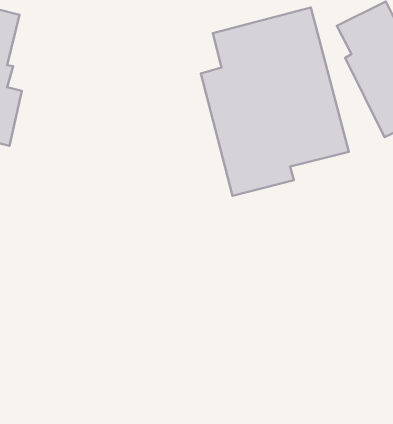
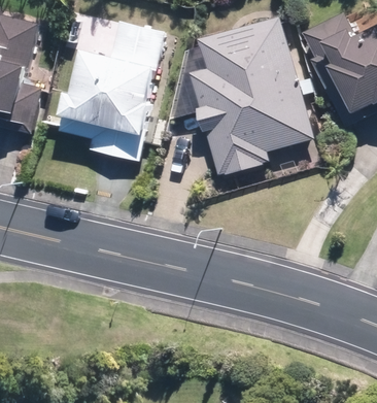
building: none -> [56,21,163,162]

